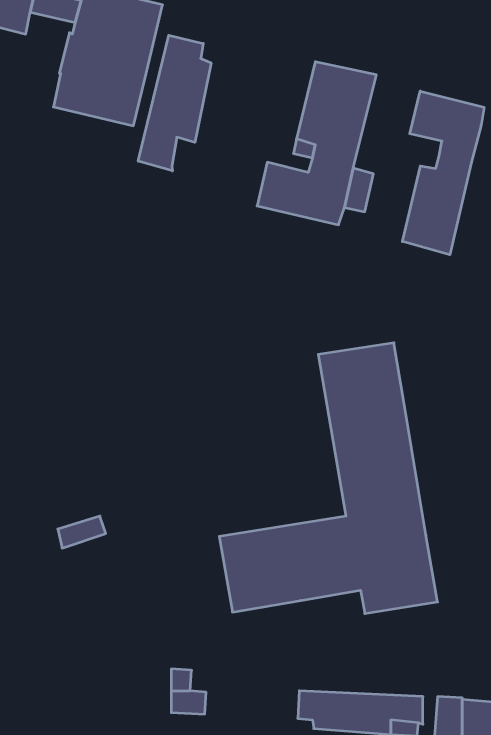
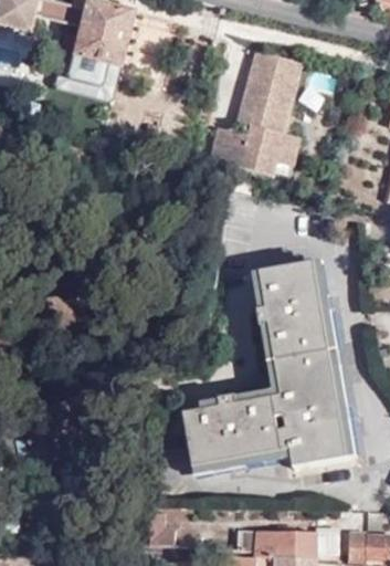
building: [138,35,211,171] -> none
building: [402,91,484,255] -> none

